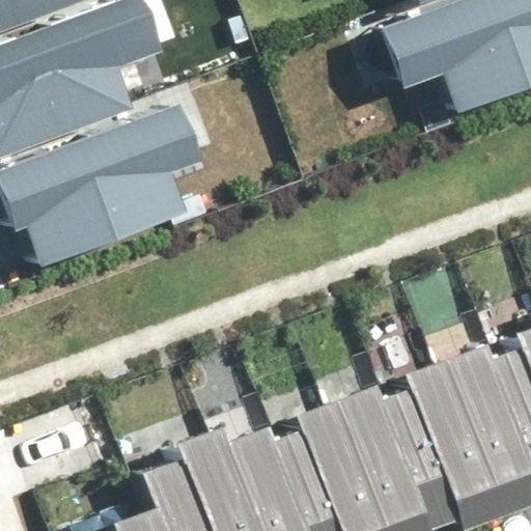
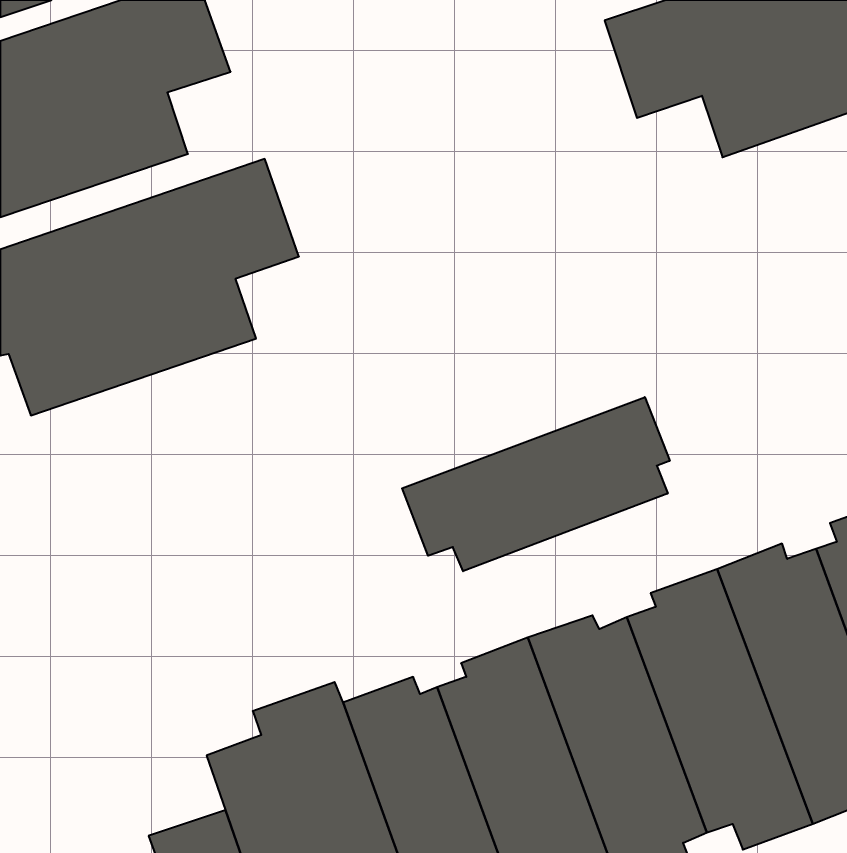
building: none -> [402,397,670,571]

